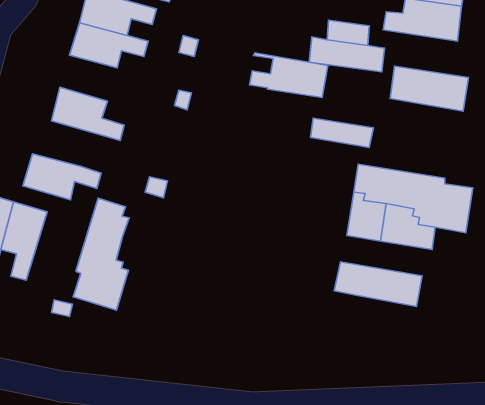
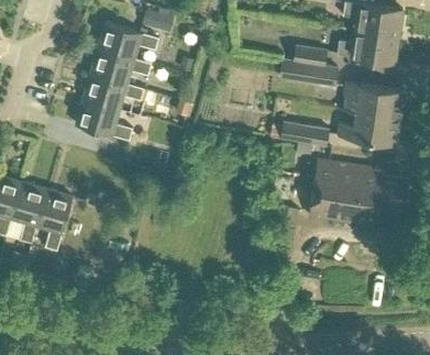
building: [249,53,328,98] -> [339,108,400,143]
building: [23,154,101,200] -> [84,74,145,110]
building: [73,198,129,310] -> none
building: [334,262,422,306] -> none

